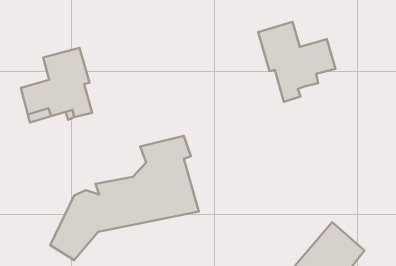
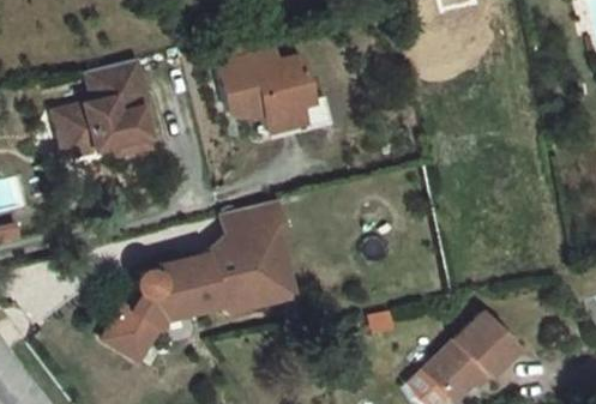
building: [258,22,336,102] -> none
building: none -> [217,43,341,140]

